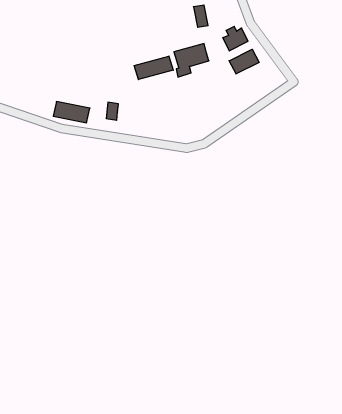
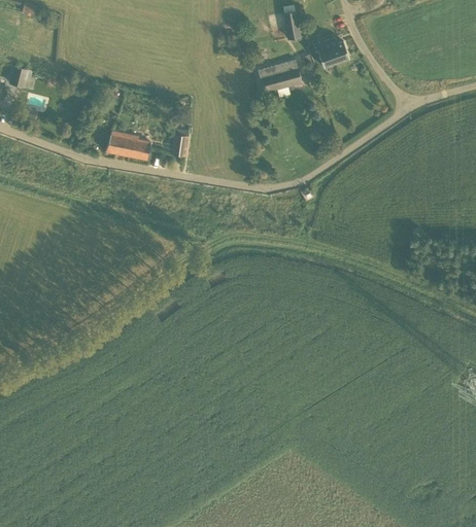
building: [229,49,259,74] -> none
building: [134,56,173,80] -> none

